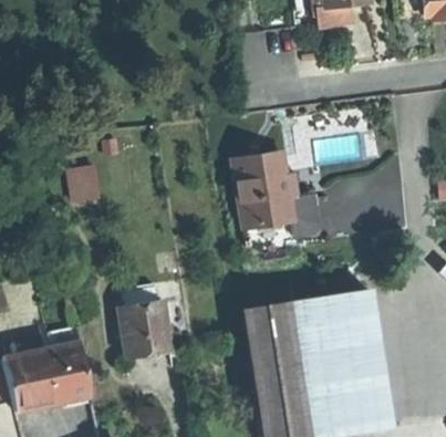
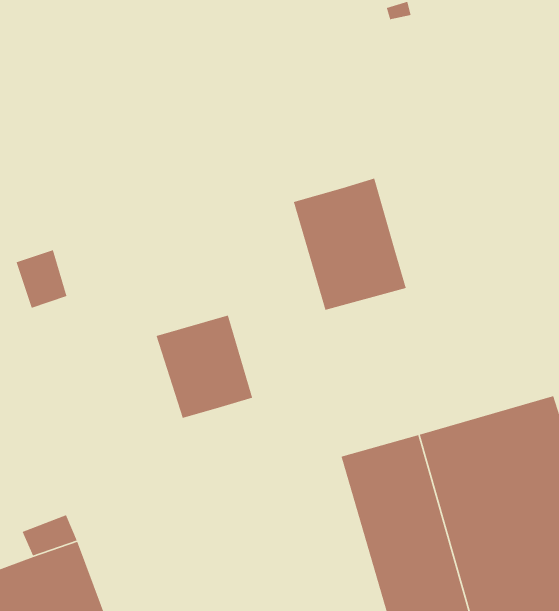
building: [290,194,321,236] -> none
building: [116,302,168,360] -> [156,314,253,419]

